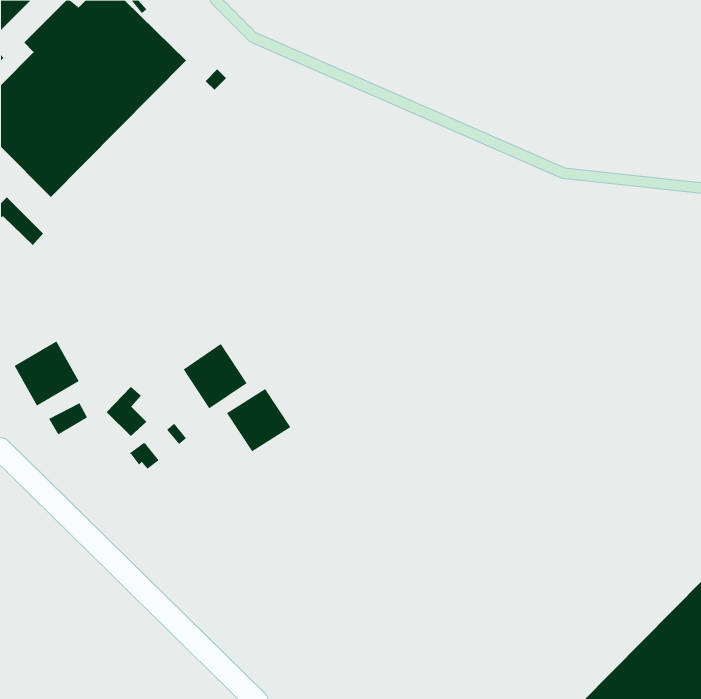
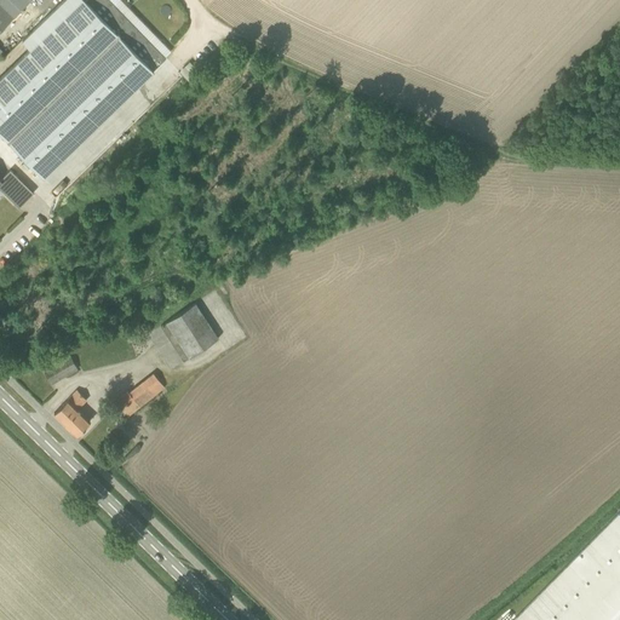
building: [14,341,79,406] -> none
building: [106,386,147,437] -> [56,392,92,437]
building: [226,388,291,452] -> none

